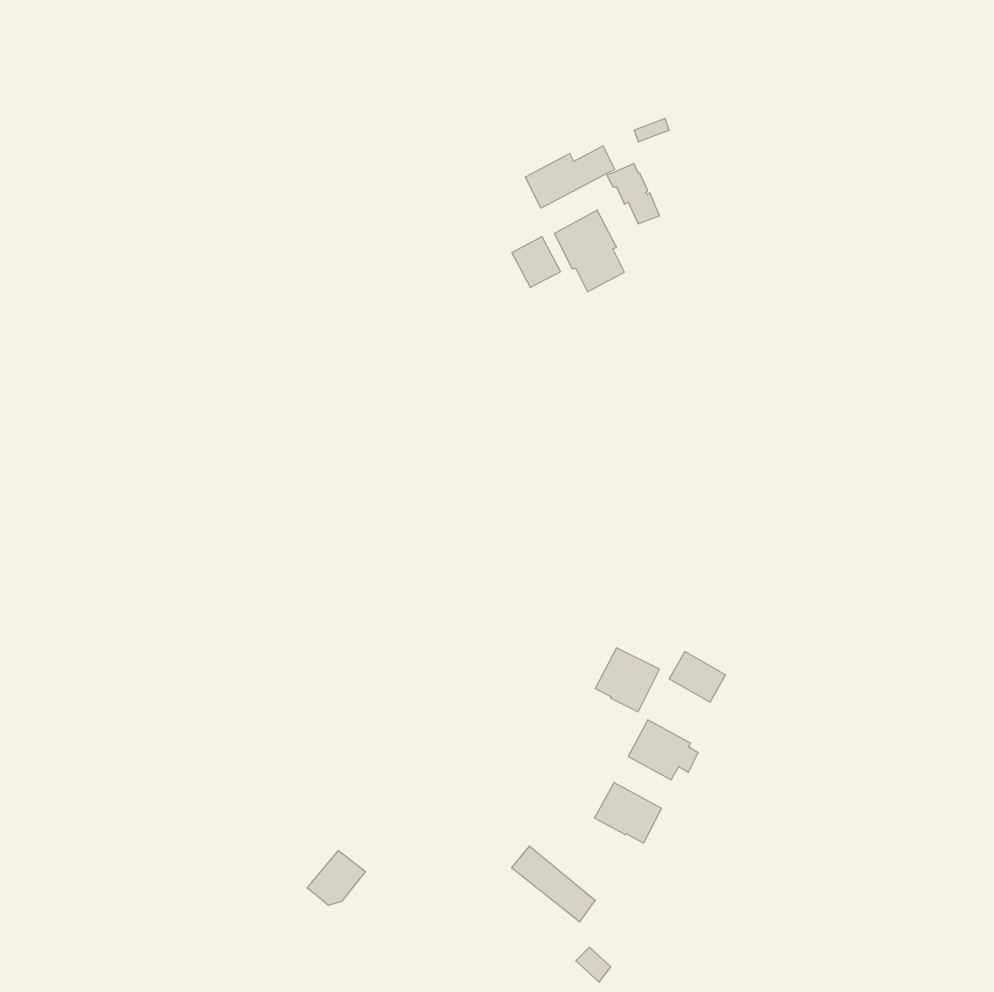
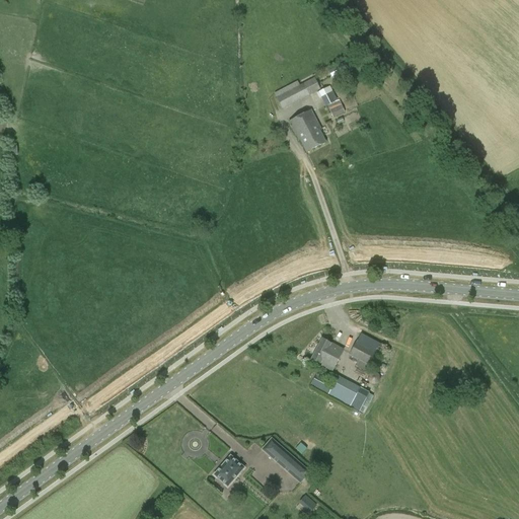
building: [512,237,560,288] -> none
building: [595,782,661,843] -> none
building: [307,851,366,905] -> [215,456,245,485]

